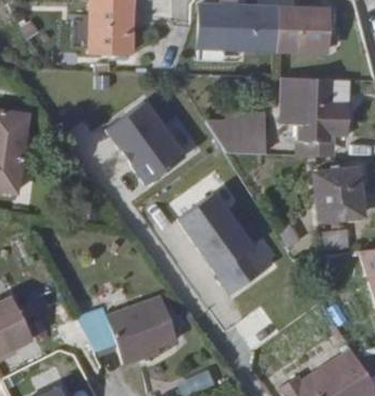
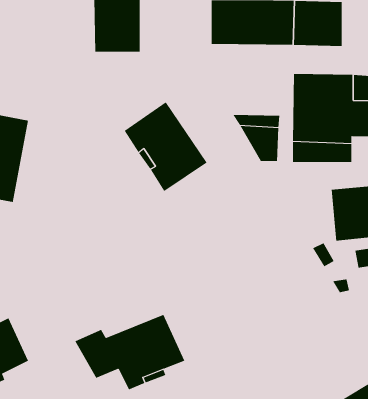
building: [187,188,284,293] -> none

